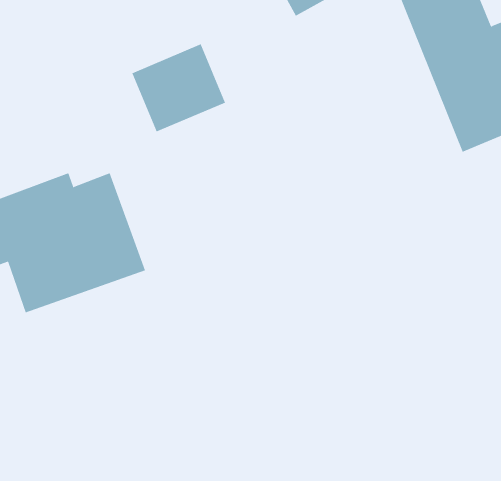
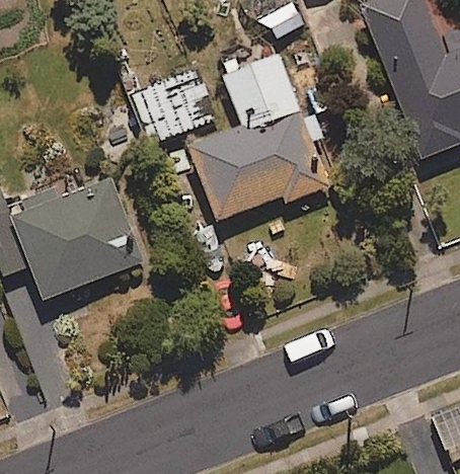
building: none -> [187,53,329,222]

